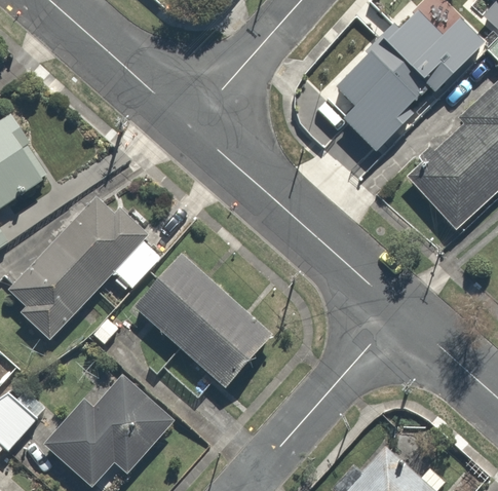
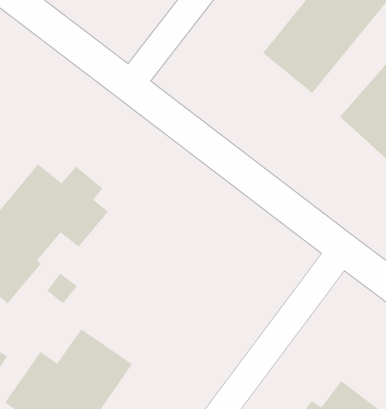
building: [129,252,272,390] -> none

